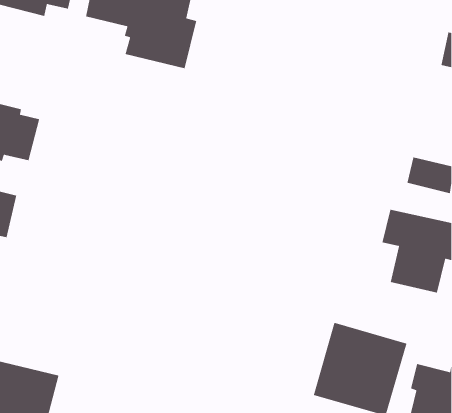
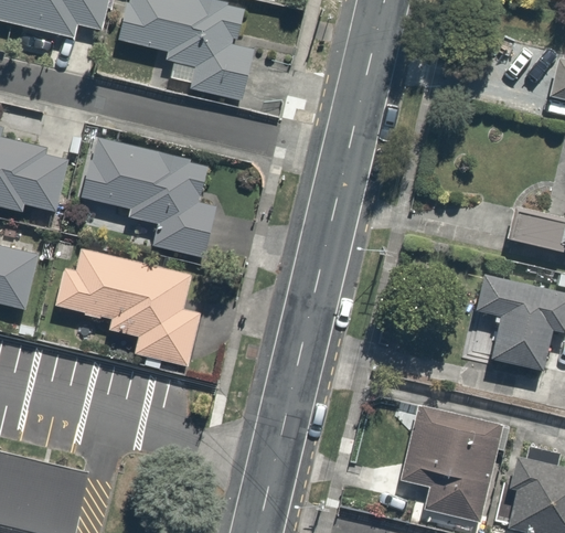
building: none -> [79,135,225,258]
building: none -> [52,247,201,367]

